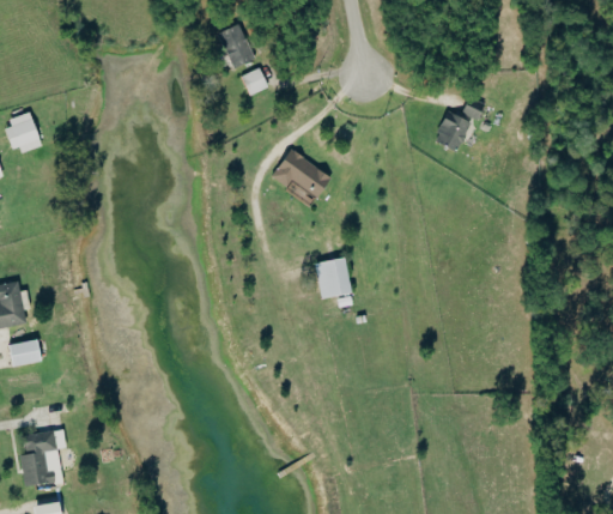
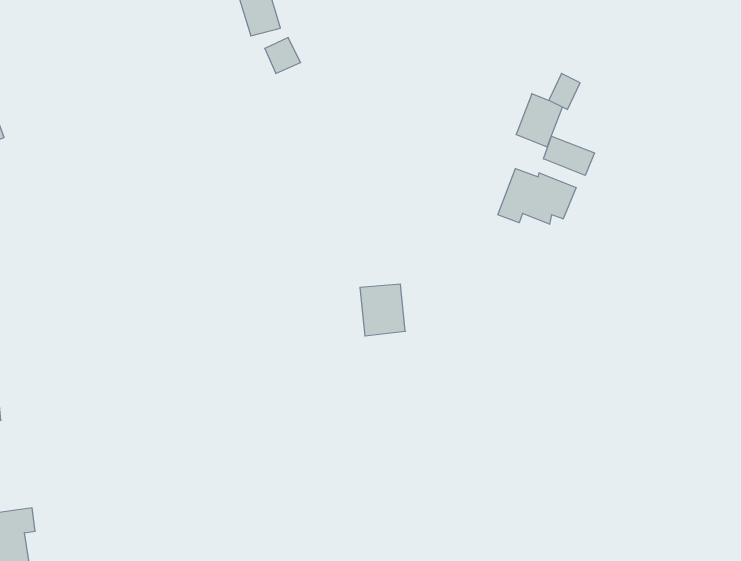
building: none -> [543,136,594,175]
building: [271,149,330,205] -> none
building: none -> [498,169,576,224]

